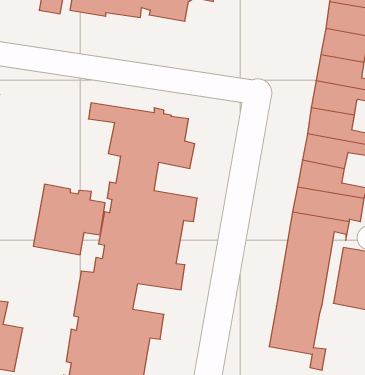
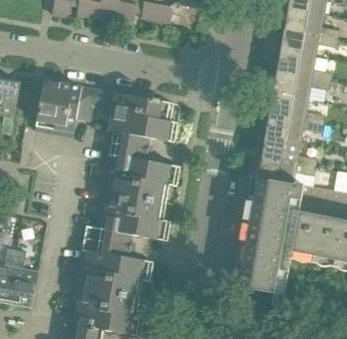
building: [33,184,105,255] -> [33,81,91,138]

